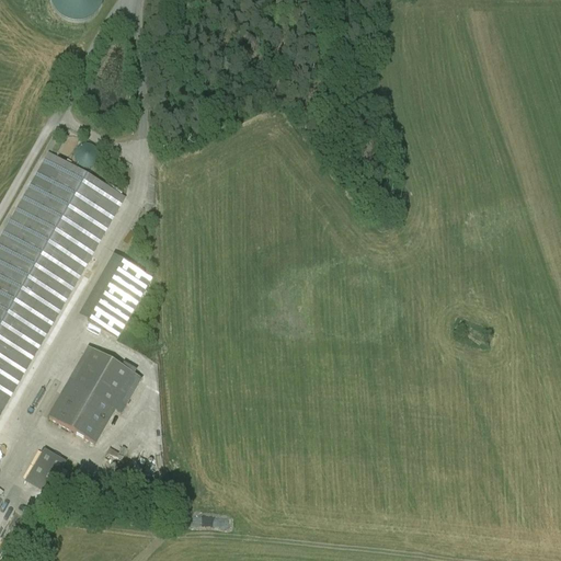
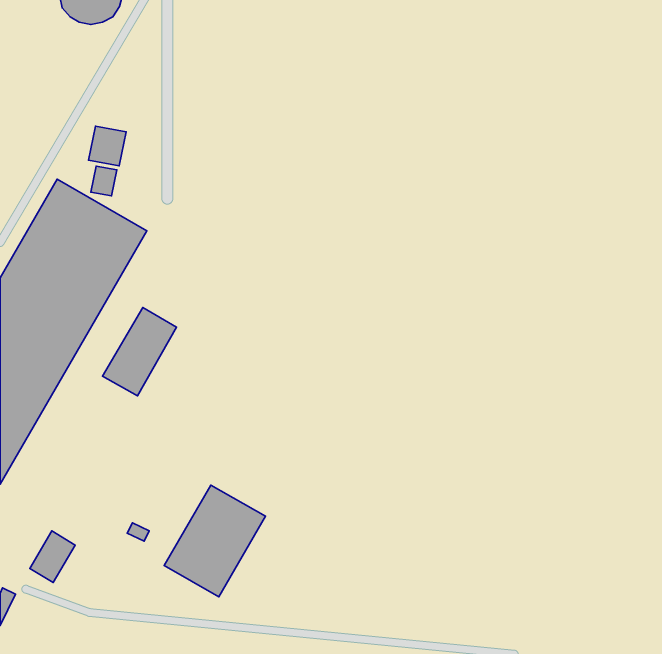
building: none -> [89,126,126,166]
building: [49,346,135,440] -> [164,485,265,597]

